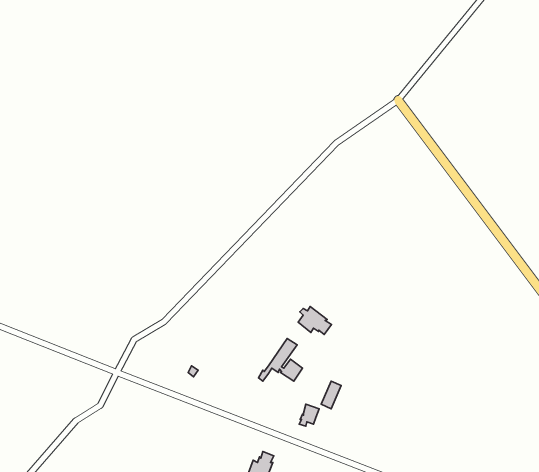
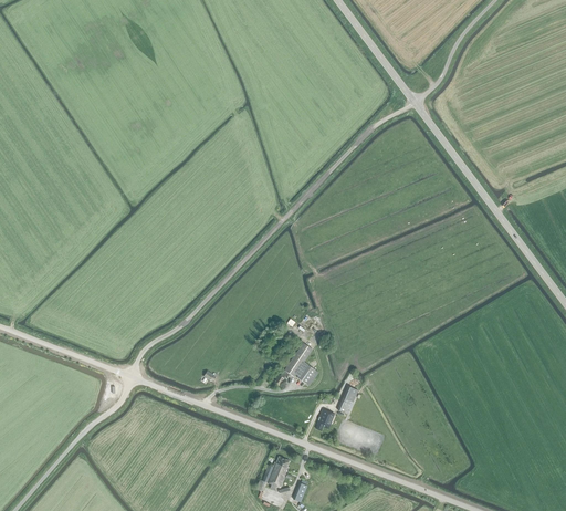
building: [298,307,332,335] -> none

